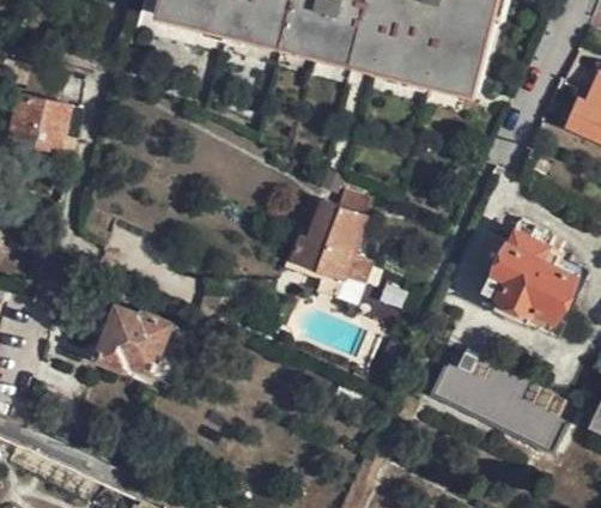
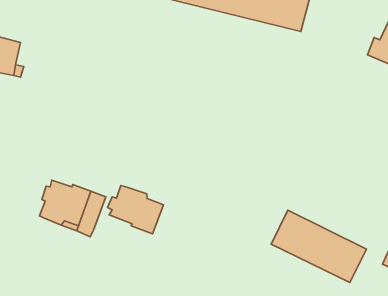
building: [291,199,372,284] -> none
building: [492,229,579,335] -> none
building: none -> [108,185,164,234]

